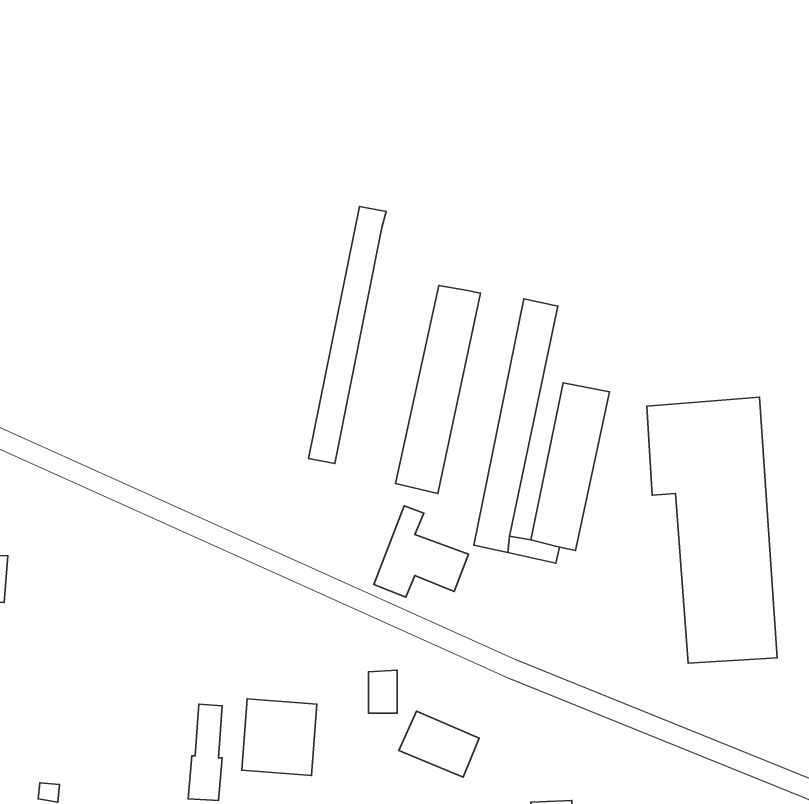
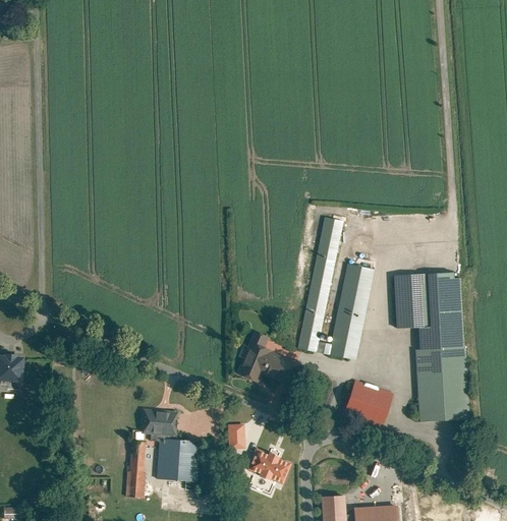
building: [309,206,386,464] -> none
building: [395,286,481,494] -> none
building: none -> [340,377,391,424]
building: none -> [148,410,183,438]

